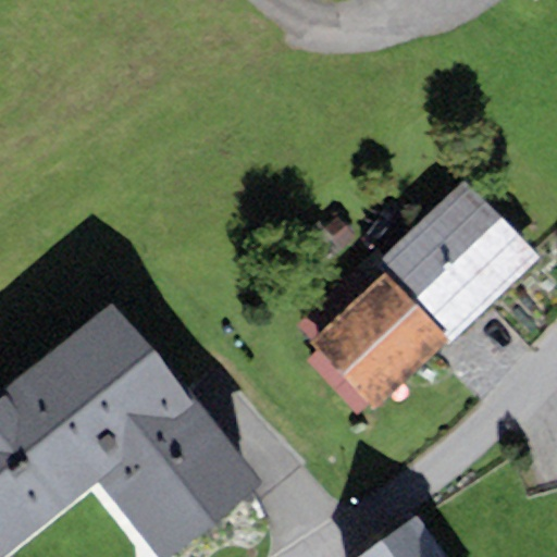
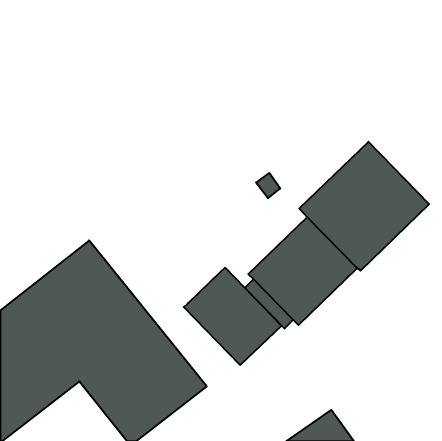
building: none -> [184,268,281,365]

